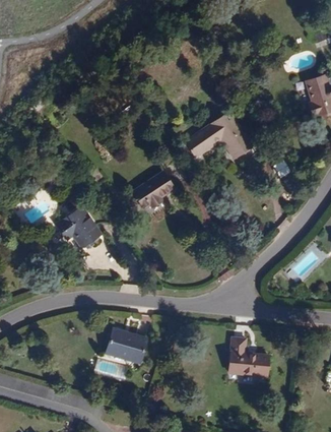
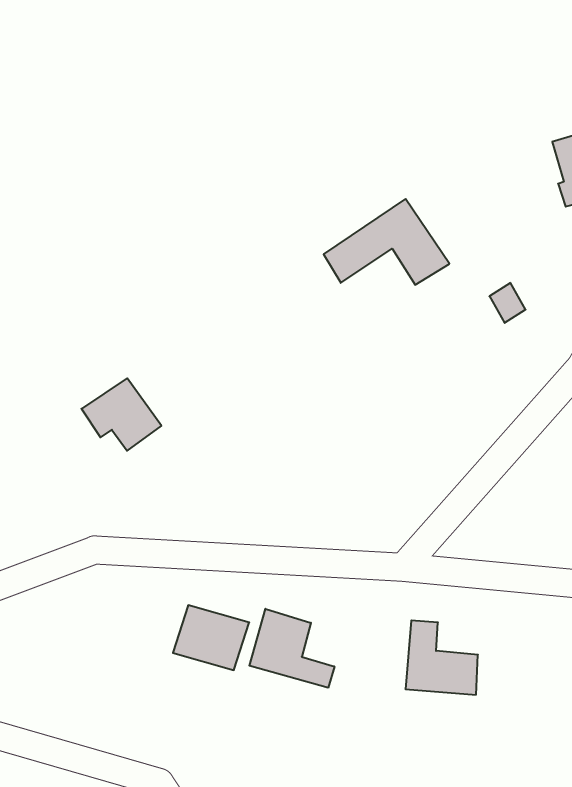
building: [132,171,175,207] -> none
building: none -> [249,609,334,688]

